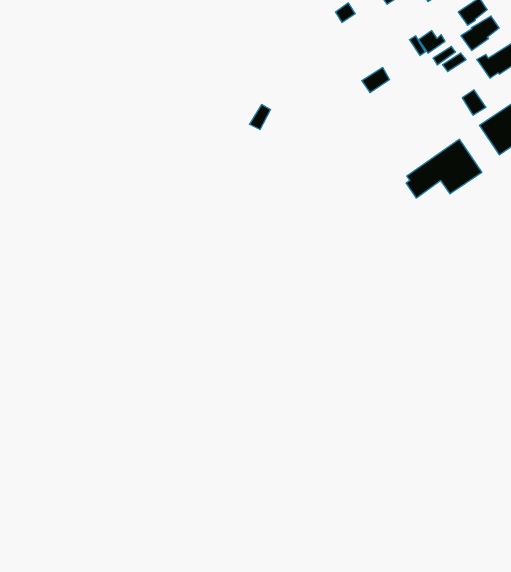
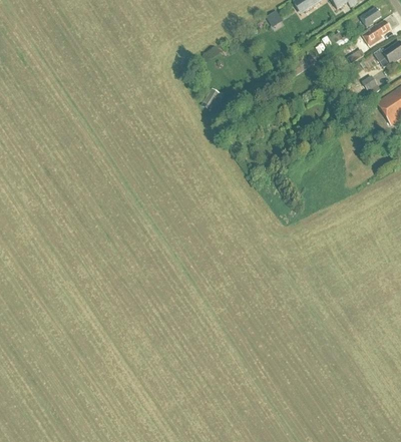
building: [406,139,482,198] -> none

